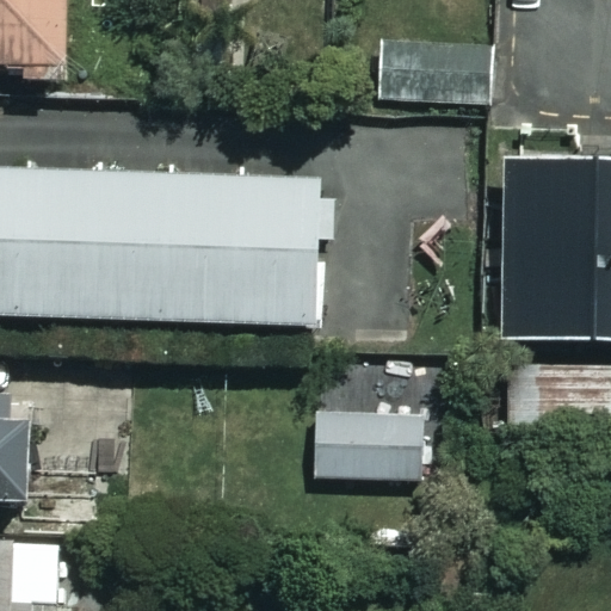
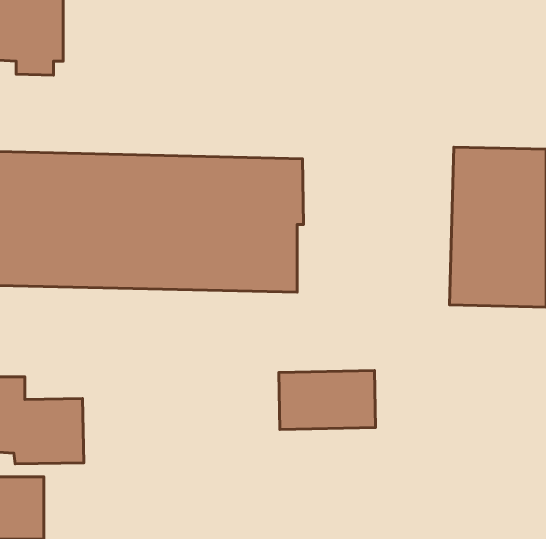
building: [372,33,498,100] -> none

